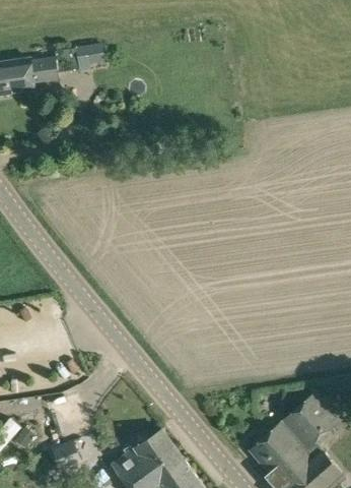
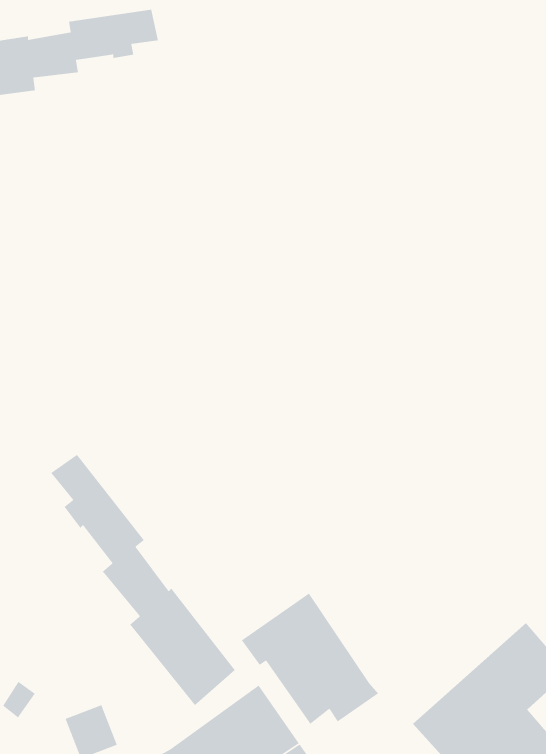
building: none -> [50,454,236,706]
building: none -> [241,592,379,725]

